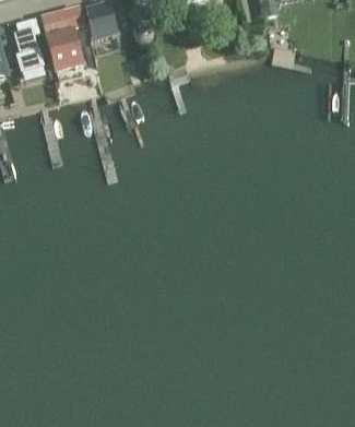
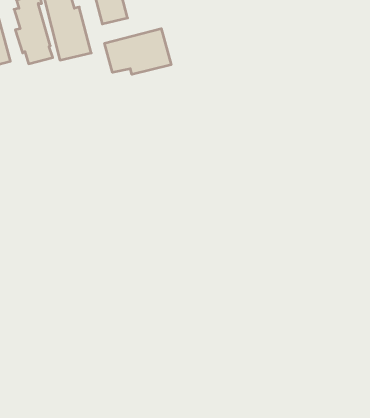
building: none -> [105,29,171,74]

